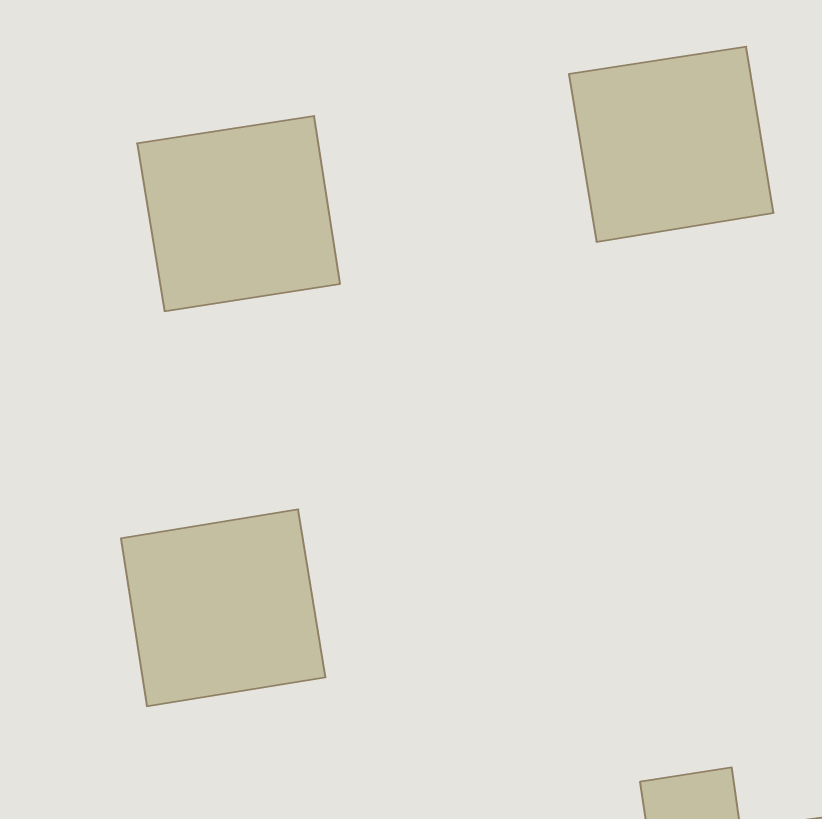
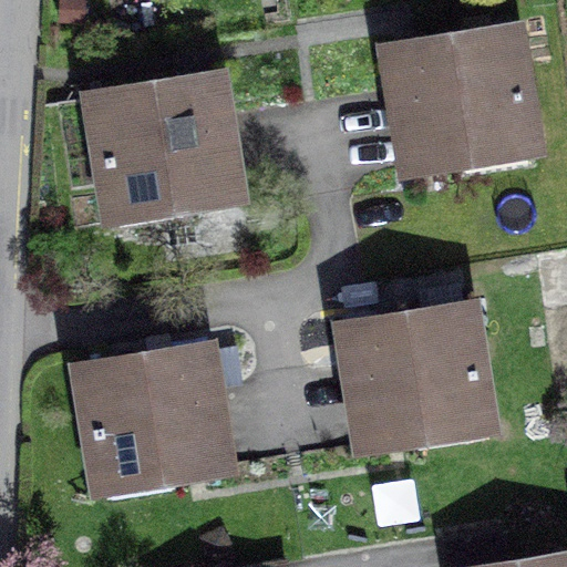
building: none -> [348,312,487,446]

